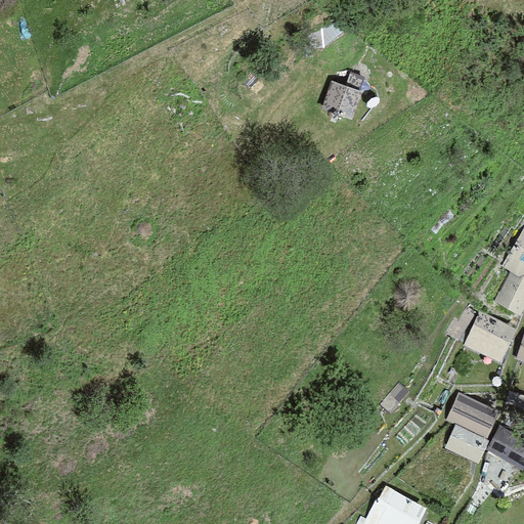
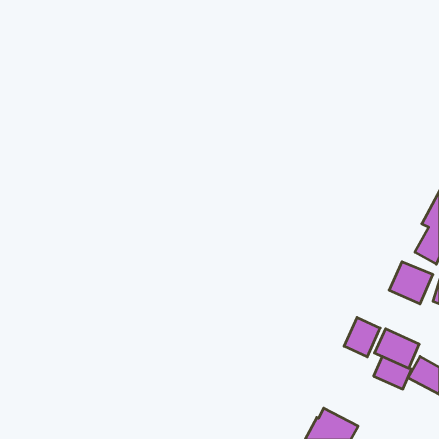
building: [322,80,362,120] -> none
building: none -> [344,317,380,357]

